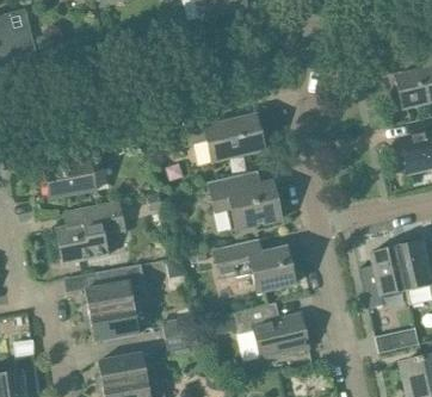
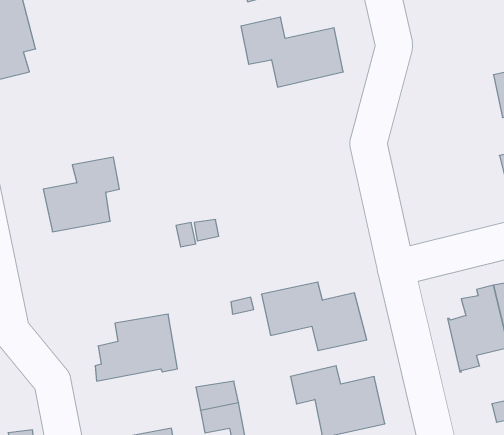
building: [183,107,263,162] -> [241,17,343,87]
building: [209,170,279,228] -> none
building: [54,201,125,263] -> none
building: [84,306,140,341] -> none

